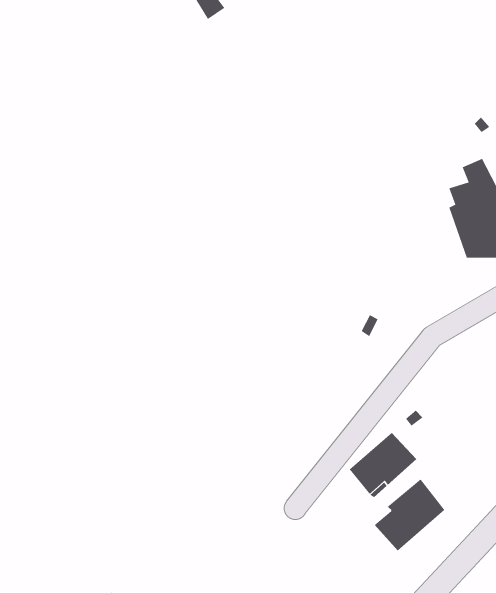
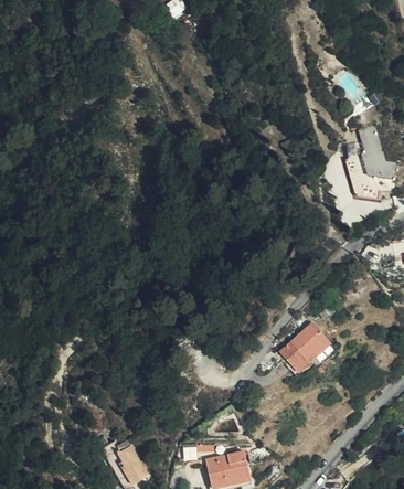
building: [374,479,445,551] -> none

